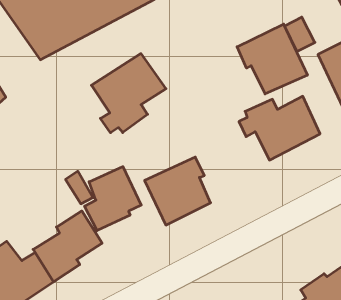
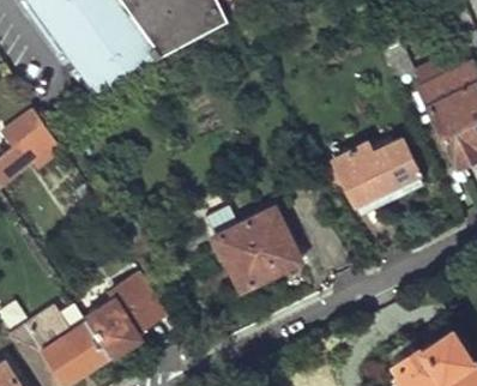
building: [237,24,307,94] -> none
building: [91,54,166,133] -> none
building: [85,167,141,231] -> none

